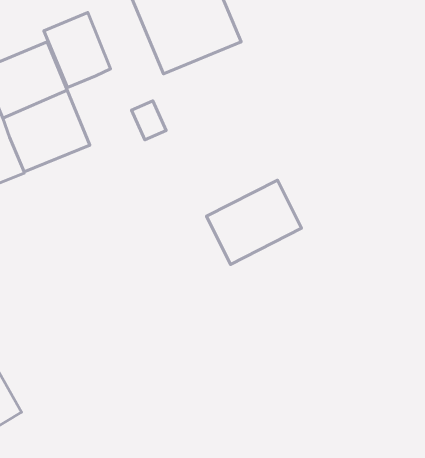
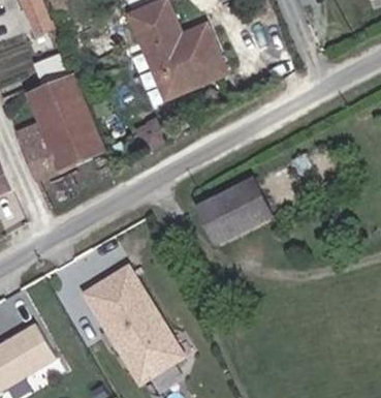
building: [44,12,110,87] -> none
building: none -> [85,267,182,380]

